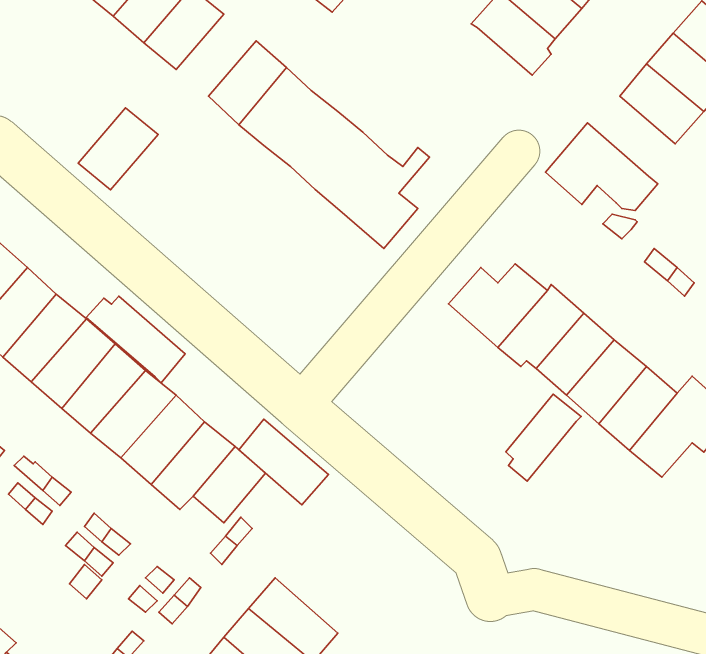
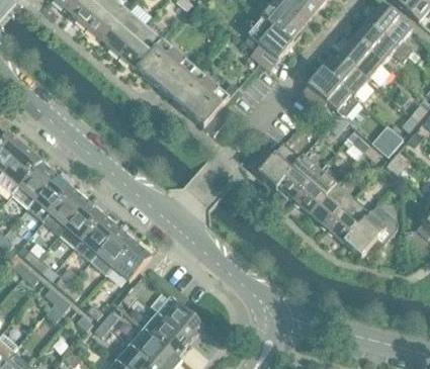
building: none -> [244,18,292,71]
building: none -> [322,55,368,97]
building: [78,108,158,190] -> [103,11,146,55]
building: [86,296,185,383] -> none
building: [506,394,581,481] -> none
building: [239,419,328,505] -> [156,294,203,340]

